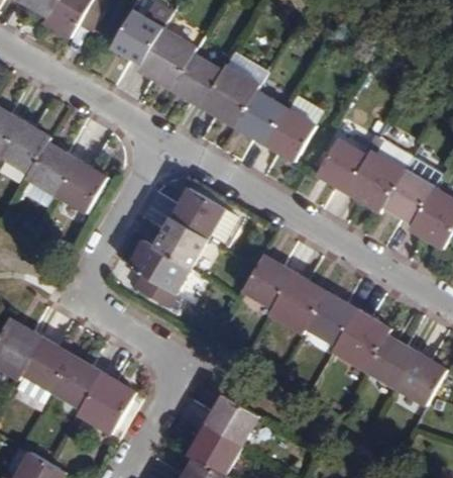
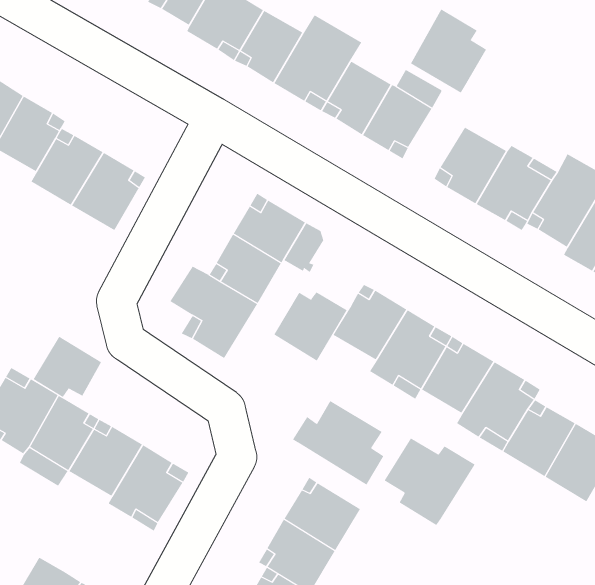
building: none -> [410,9,487,93]
building: none -> [273,291,347,361]
building: none -> [33,336,102,398]
building: none -> [292,400,384,486]
building: none -> [384,437,476,526]

